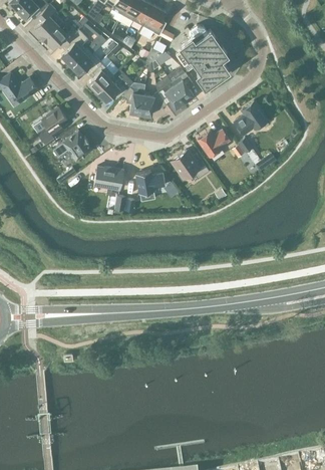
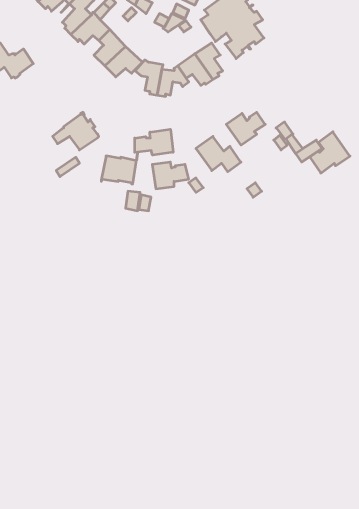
building: [235,100,268,135] -> [310,132,350,173]
building: [39,107,67,142] -> none
building: none -> [135,129,173,155]

